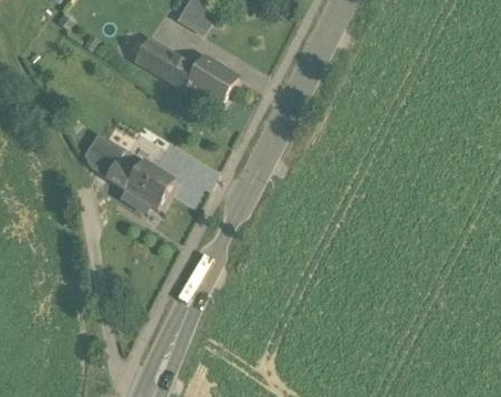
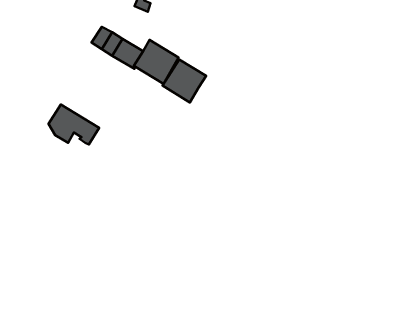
building: none -> [162,60,206,103]
building: [105,159,174,209] -> none

